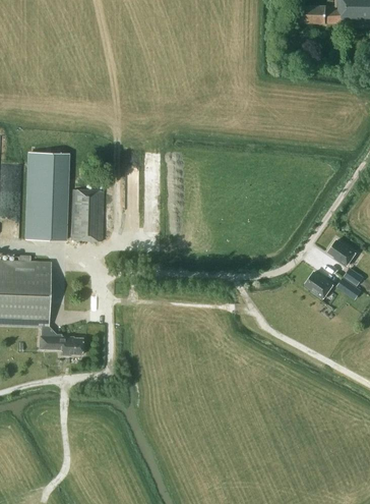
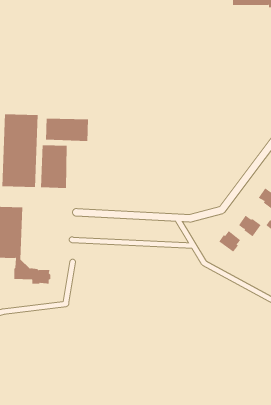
building: none -> [45,118,89,142]
building: none -> [218,230,241,253]

